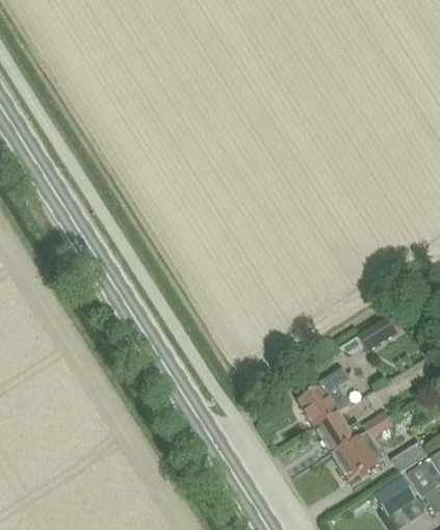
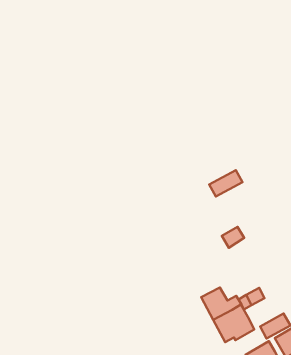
building: [360,316,402,350] -> [209,170,243,197]
building: [299,368,351,426] -> none

